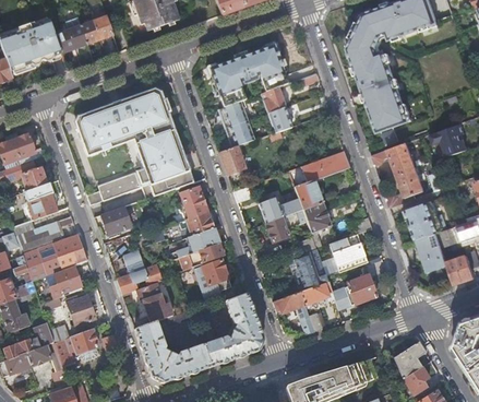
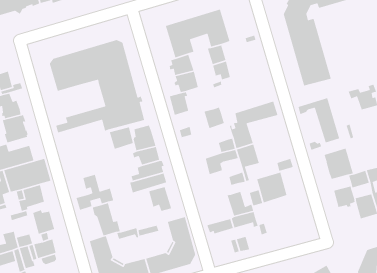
building: [259,196,285,223] -> [203,107,225,129]
building: [100,206,131,235] -> [109,127,134,150]
building: [346,273,376,304] -> none

